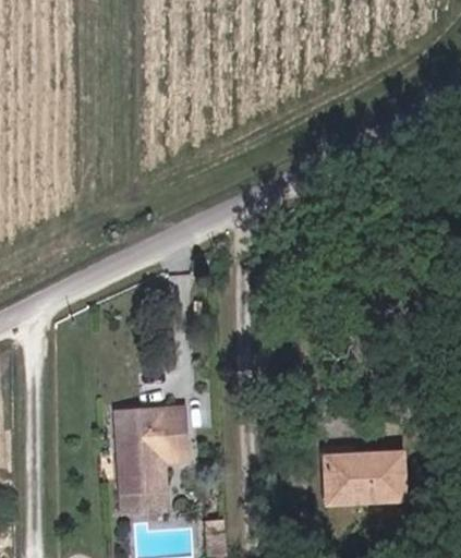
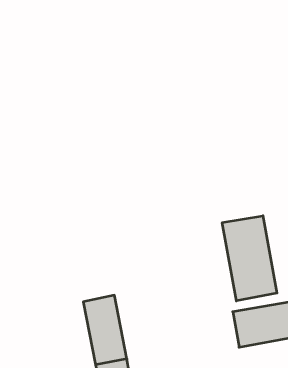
building: none -> [222,216,277,301]

